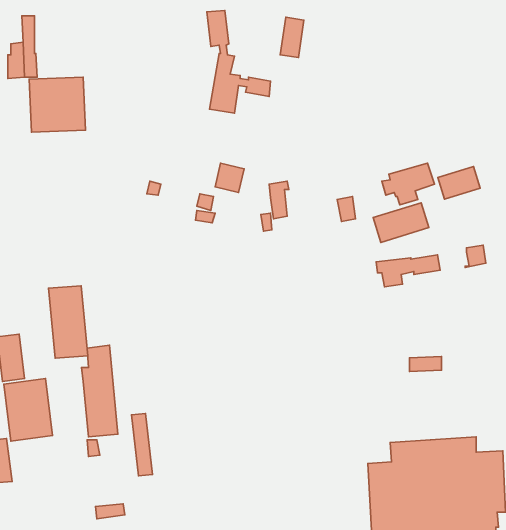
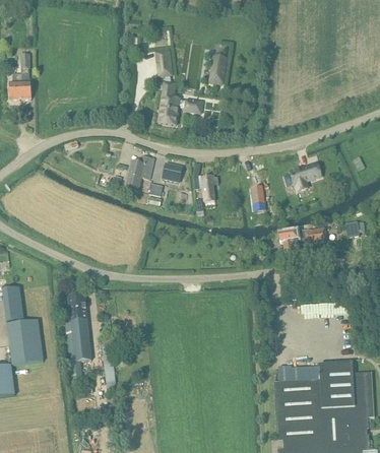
building: [29,77,85,132] -> none
building: none -> [126,155,154,190]
building: [438,167,480,199] -> none
building: [373,203,429,242] -> none
building: [48,286,88,358] -> none

